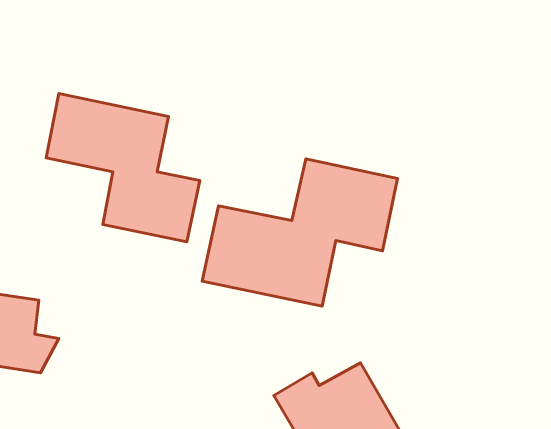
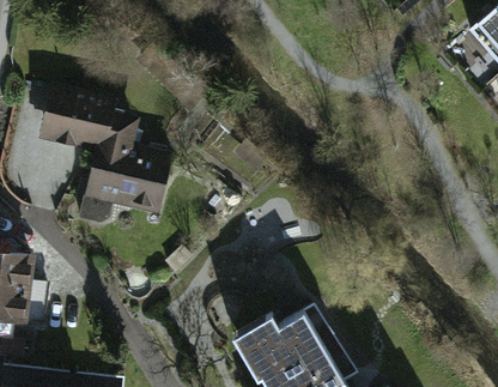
building: [202,159,398,306] -> none

